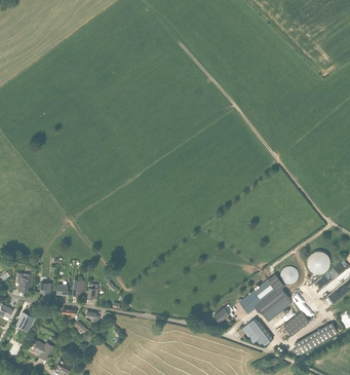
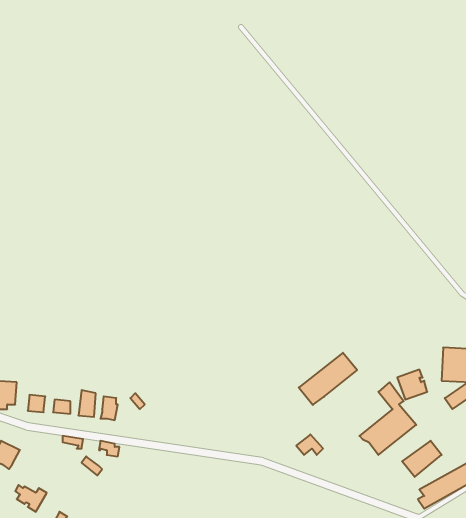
building: [239,279,277,313] -> [299,353,357,405]
building: [242,316,273,345] -> none

